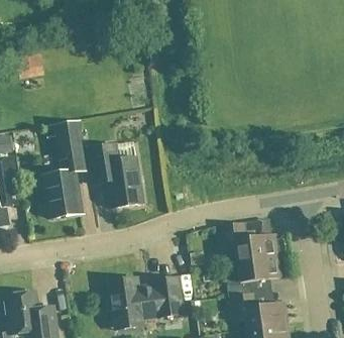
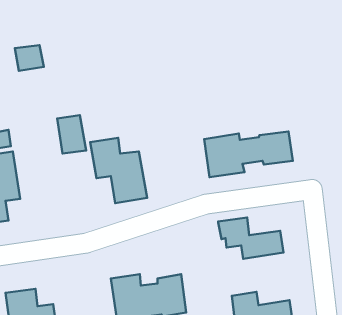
building: none -> [204,132,293,177]
building: [44,155,87,217] -> none
building: [225,255,280,298] -> none

